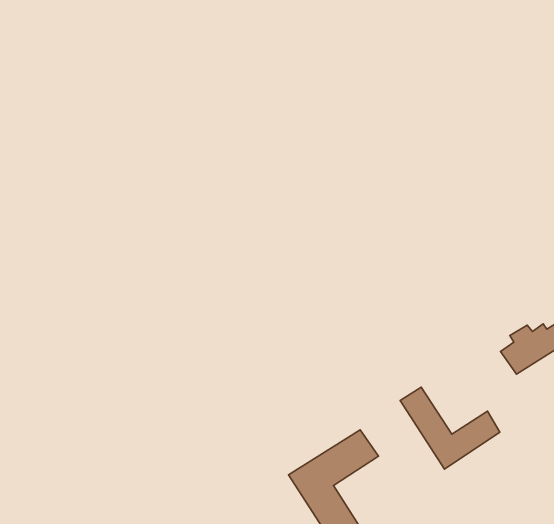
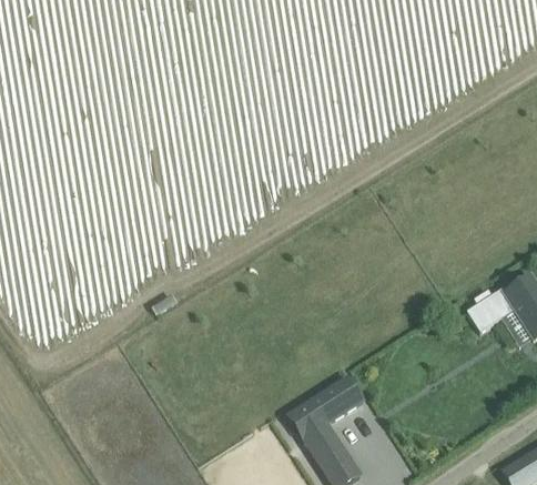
building: [400,387,500,469] -> none

